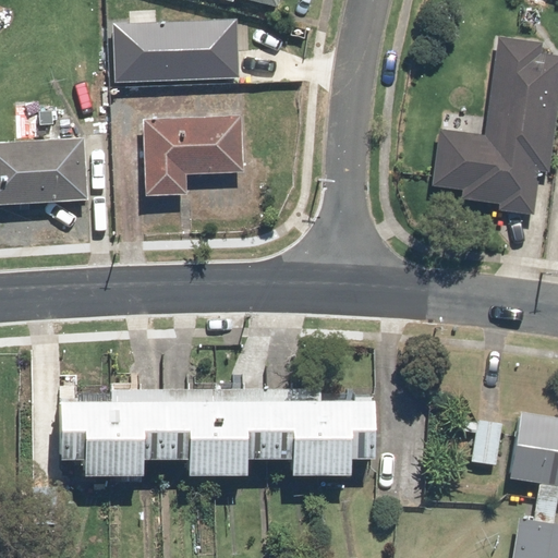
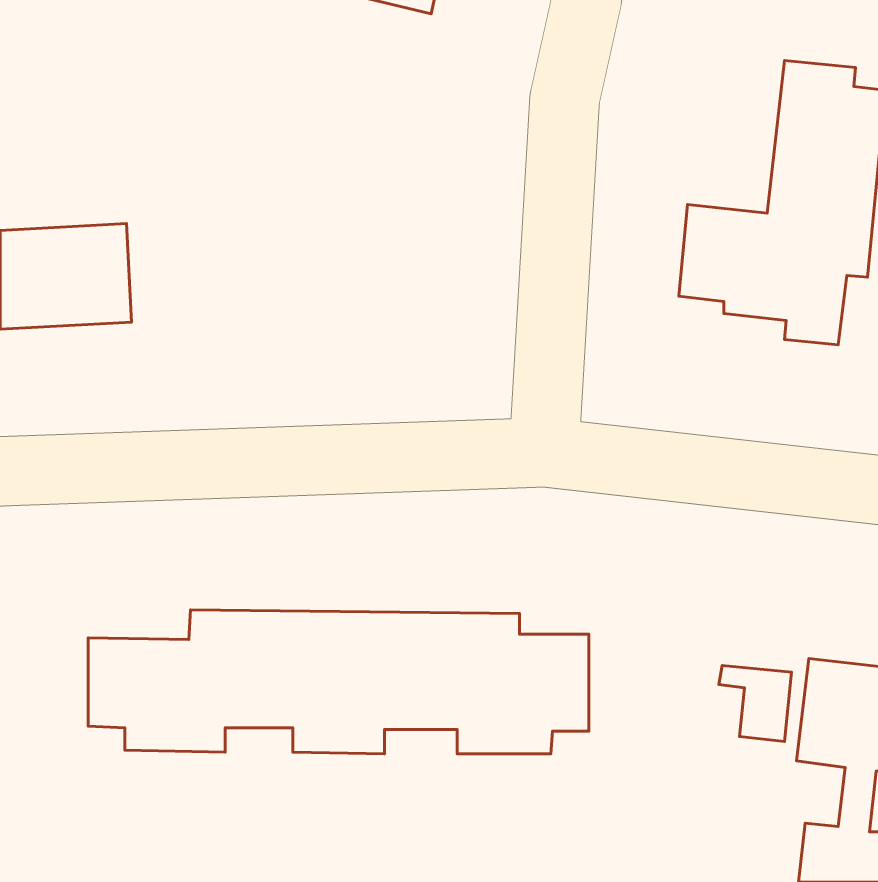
building: [116,8,229,95] -> none
building: [144,119,242,198] -> none

